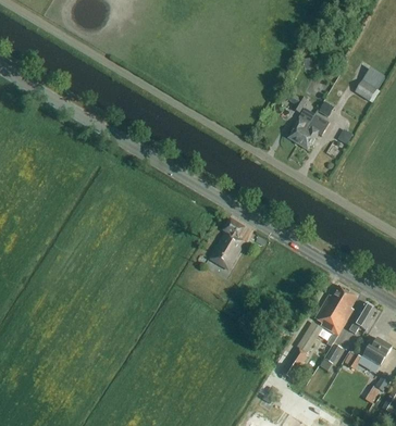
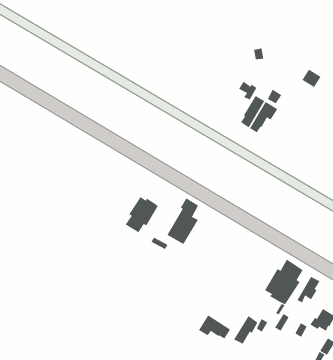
building: none -> [125,196,159,233]
building: none -> [198,314,231,339]

